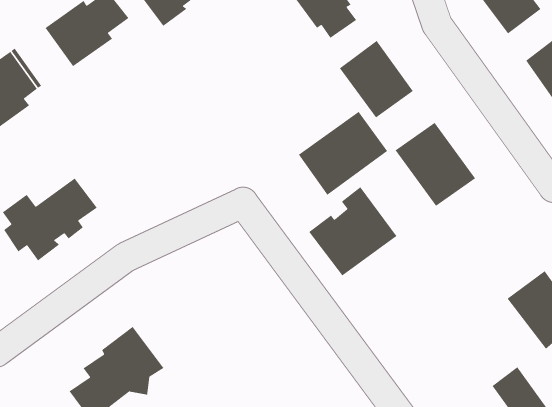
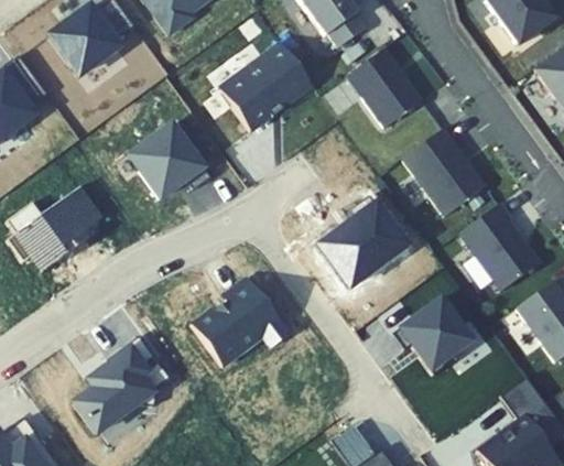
building: [298,111,388,196] -> [221,44,313,130]
building: none -> [128,123,209,198]
building: none -> [459,204,539,290]
building: none -> [191,281,289,366]
building: none -> [391,299,470,375]

